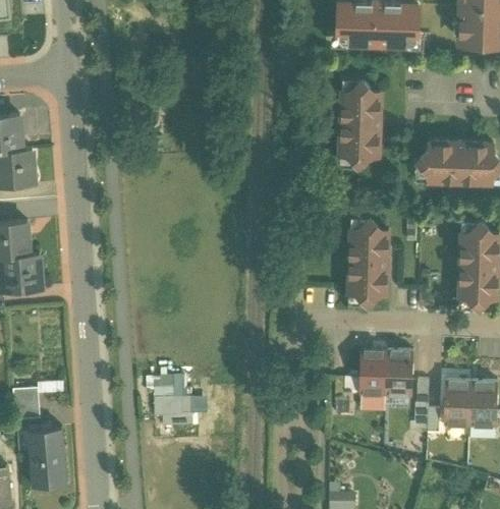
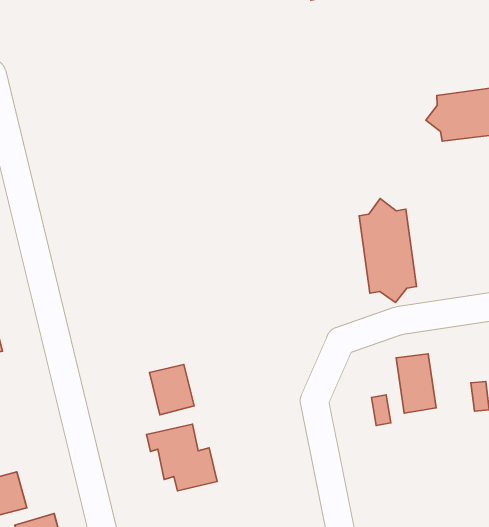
building: [339,80,380,166] -> none
building: none -> [150,365,194,415]
building: [385,350,412,396] -> none

